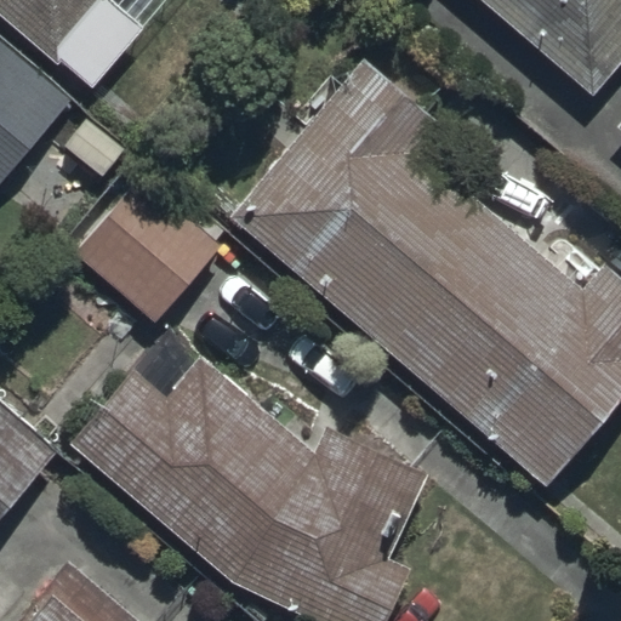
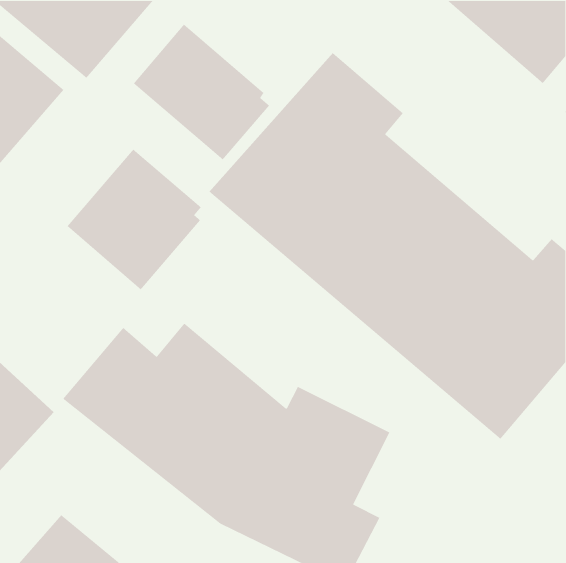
building: none -> [133,24,270,160]

